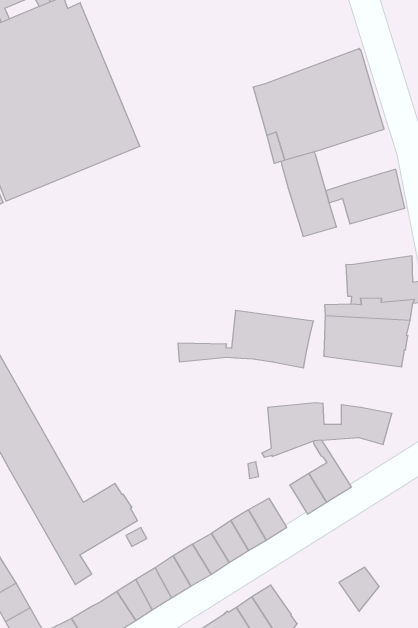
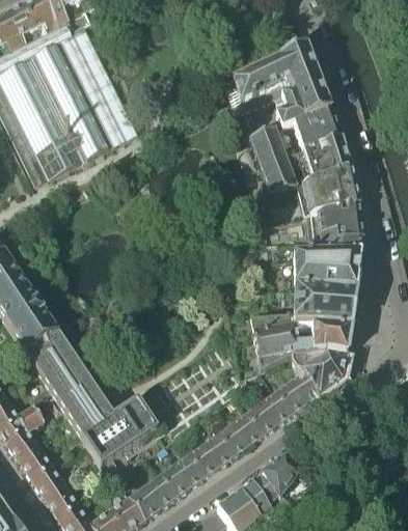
building: none -> [276,104,342,149]
building: none -> [303,165,359,213]
building: [178,310,314,368] -> [251,286,357,330]
building: none -> [298,348,347,388]
building: none -> [260,390,291,423]
building: [339,567,379,612] -> [266,456,298,492]

